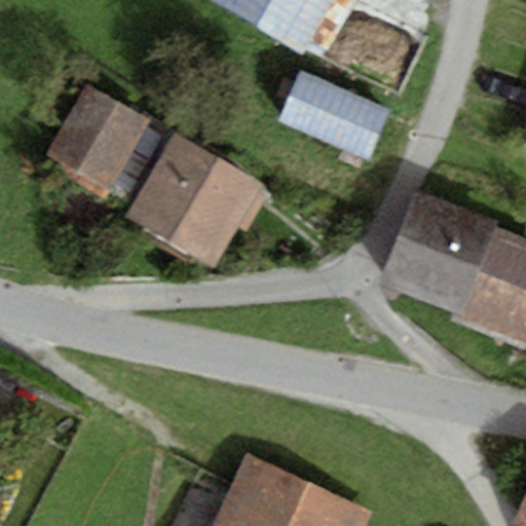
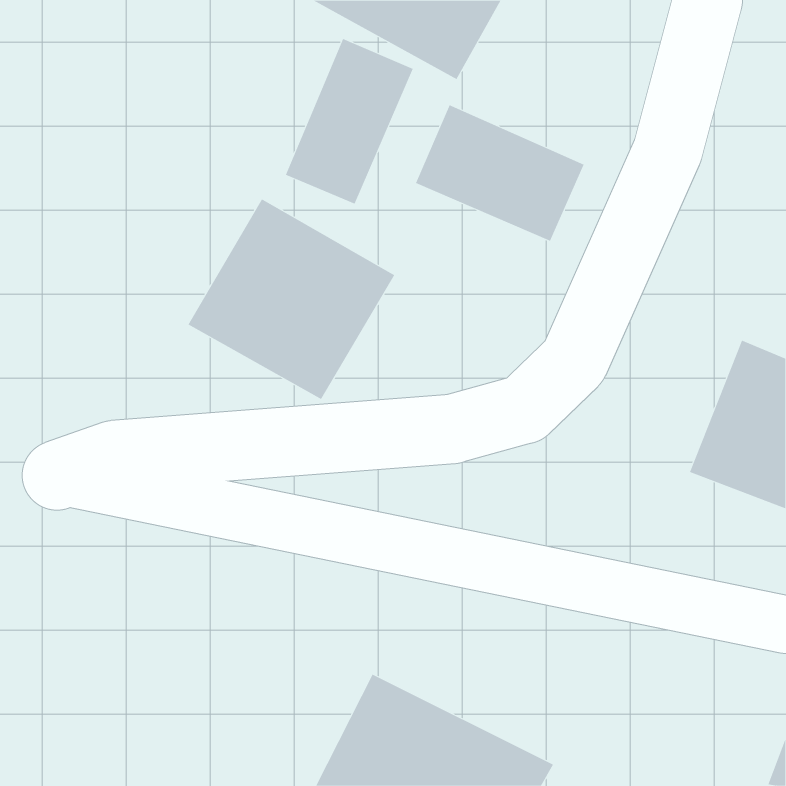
building: none -> [285,38,413,205]
building: [45,85,149,191] -> none
building: [378,190,497,315] -> none

